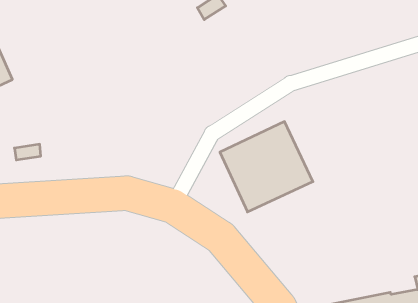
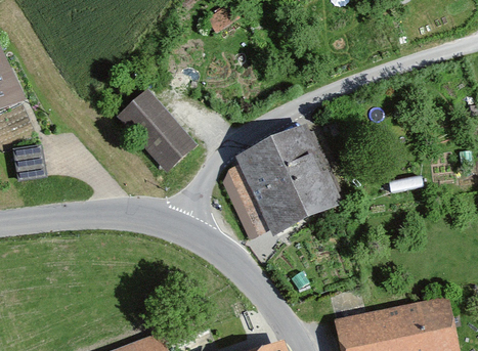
building: none -> [122,95,187,163]

